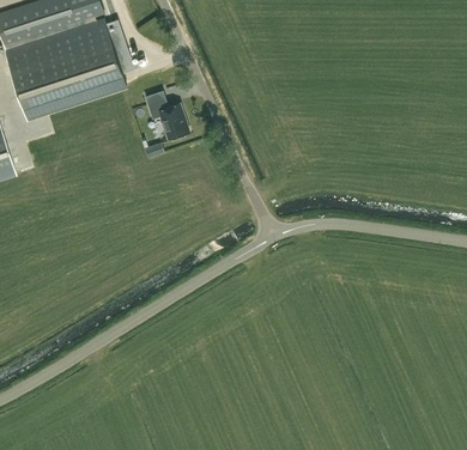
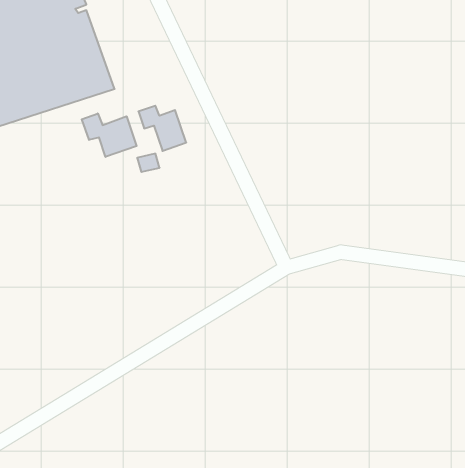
building: none -> [82,113,137,157]

